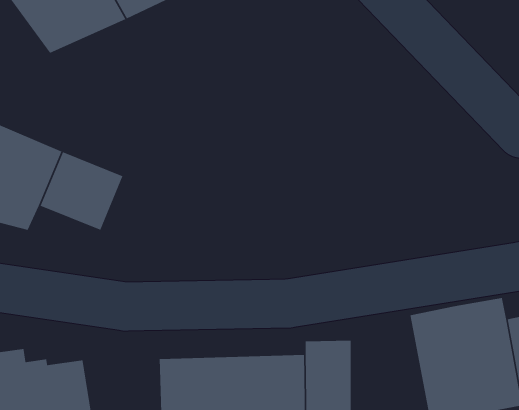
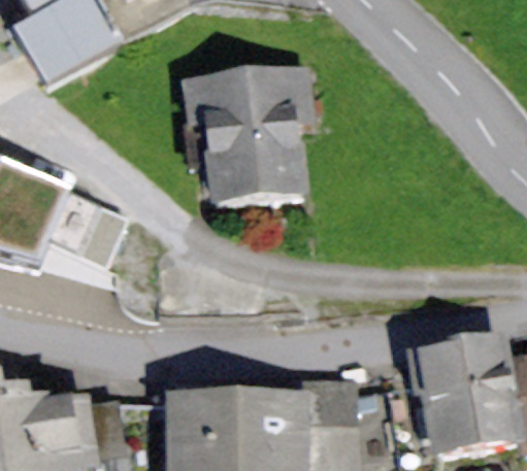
building: none -> [175,63,309,207]

